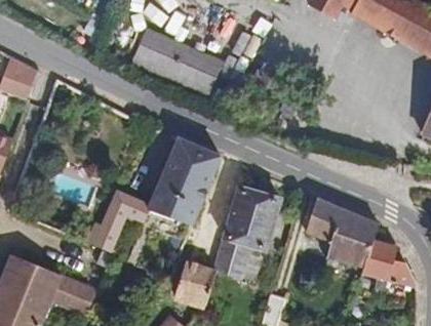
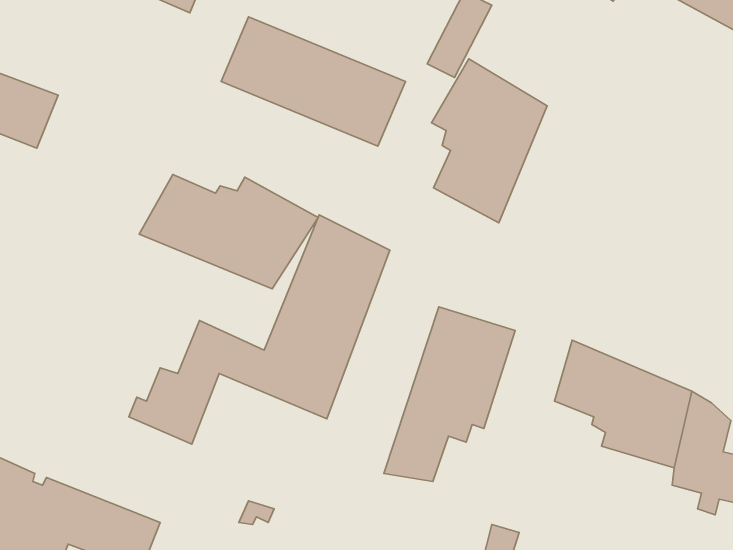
building: none -> [431,59,547,223]
building: none -> [139,175,318,289]
building: [171,257,213,299] -> none

